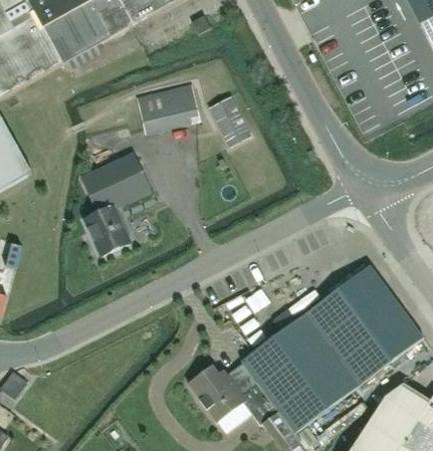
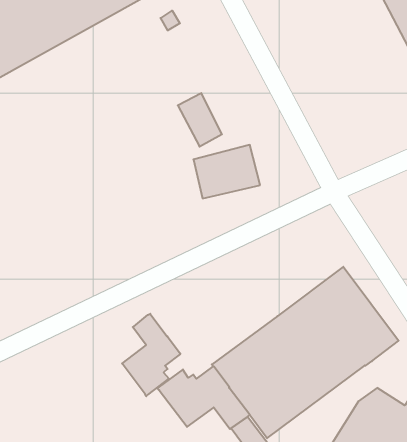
building: [135,82,200,135] -> [193,145,260,198]
building: [80,155,149,256] -> none
building: none -> [122,314,180,396]

